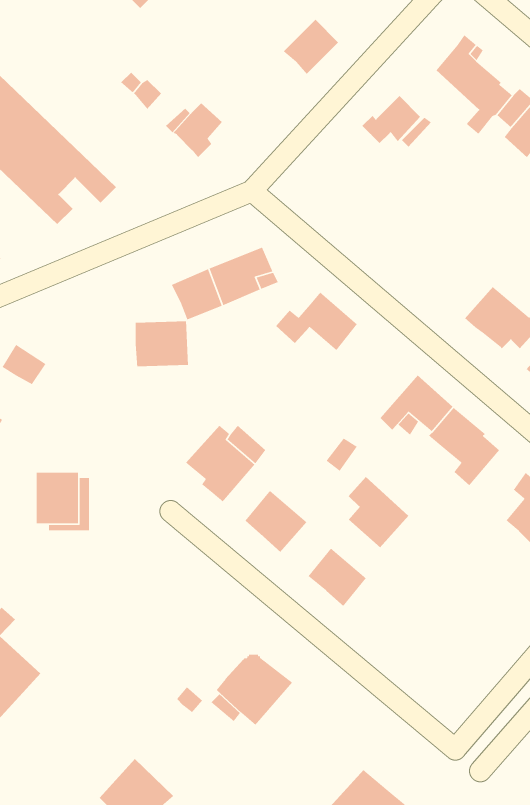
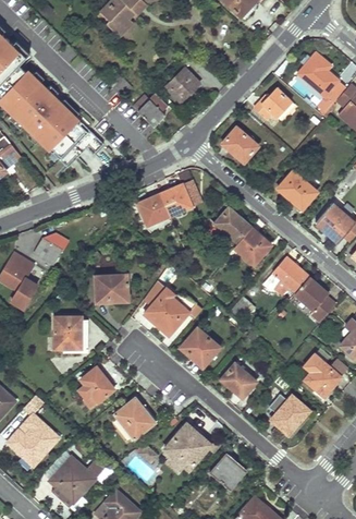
building: [283,19,339,75] -> [167,68,200,101]
building: none -> [221,128,257,161]
building: none -> [277,171,316,208]
building: [135,320,189,367] -> [96,274,128,302]
building: none -> [233,227,271,265]
building: [348,476,409,548] -> [304,353,341,397]
building: none -> [78,366,114,409]
building: none -> [268,393,309,434]
building: none -> [113,397,155,439]
building: none -> [210,454,246,490]
building: none -> [49,457,102,507]

